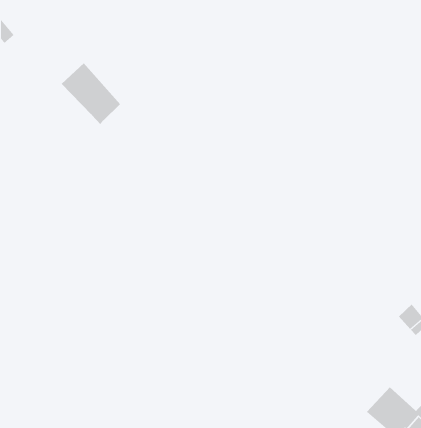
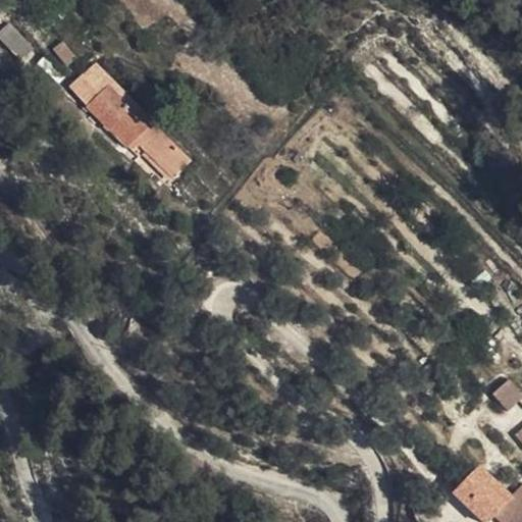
building: none -> [66,58,114,106]
building: none -> [139,130,186,179]

